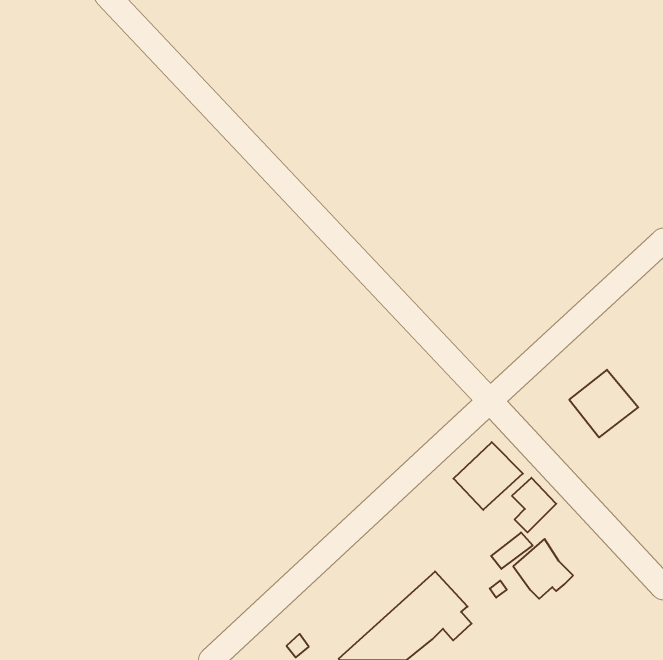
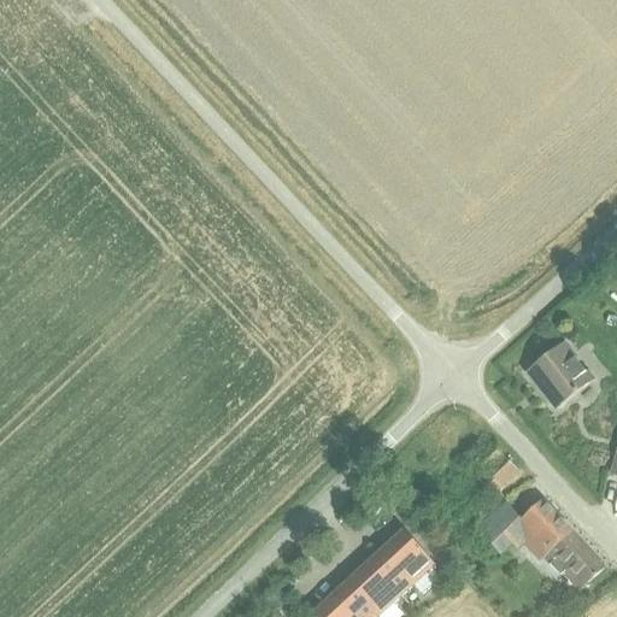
building: [453,442,523,510] -> none
building: none -> [517,499,601,590]

